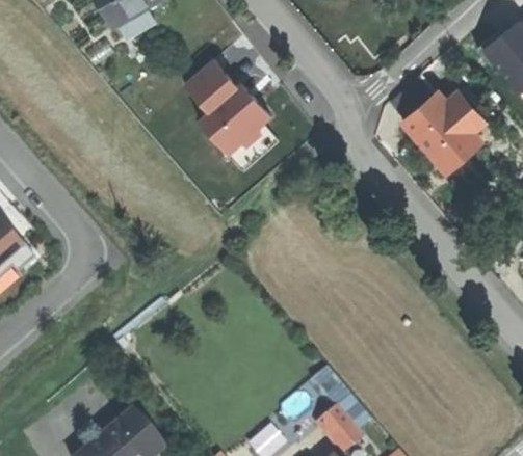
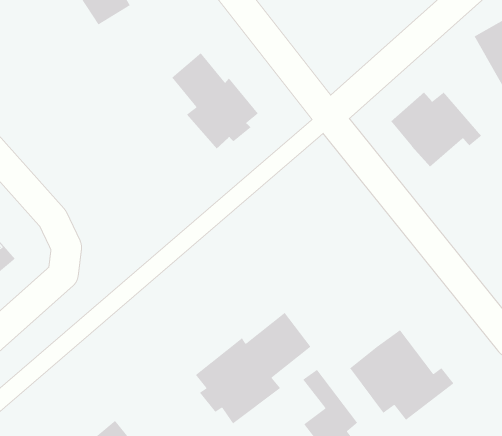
building: none -> [195,312,311,424]
building: none -> [349,329,454,421]

